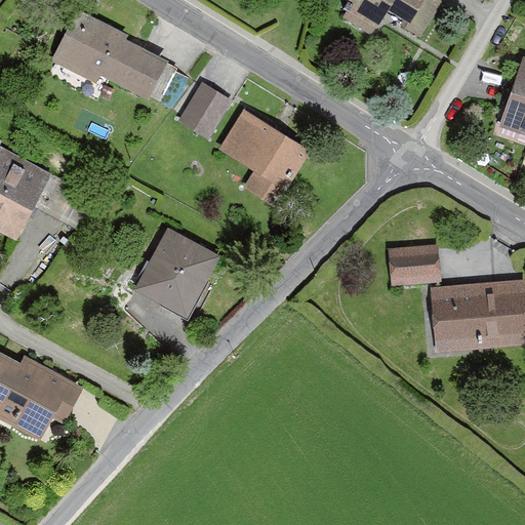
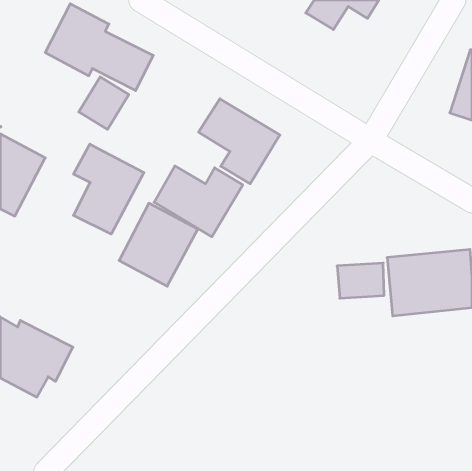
building: [177,80,233,138] -> [79,77,129,129]
building: none -> [73,144,144,234]
building: none -> [154,166,243,237]
building: [388,244,440,283] -> [337,263,384,298]

